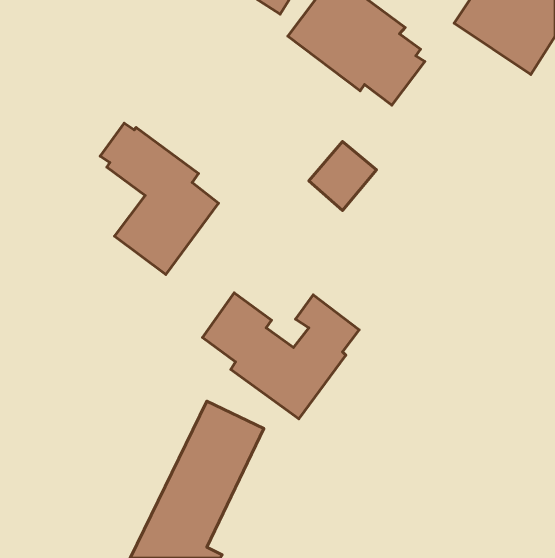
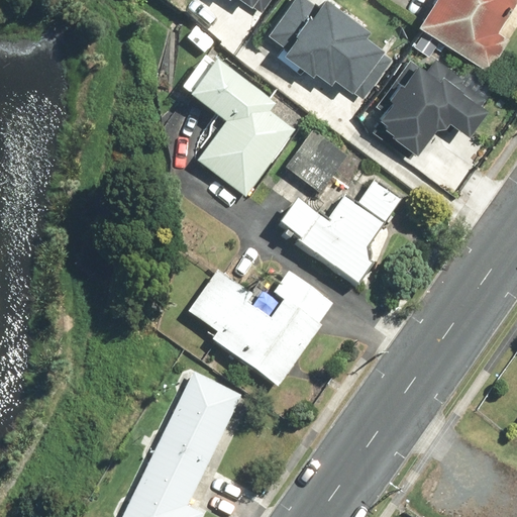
building: none -> [380,53,491,156]
building: [100,123,218,274] -> [185,58,294,197]
building: none -> [278,182,398,288]

